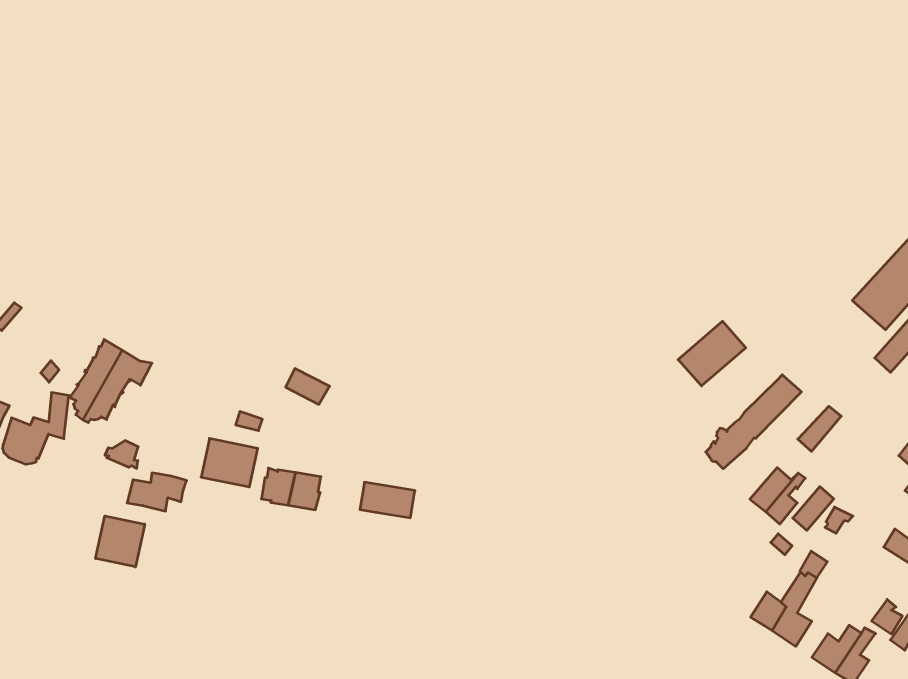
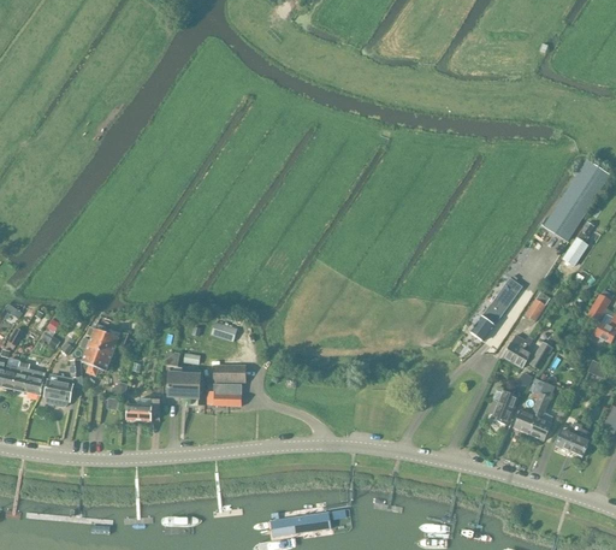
building: [678,321,746,386] -> none
building: [360,482,415,518] -> [214,366,245,383]
building: [96,516,145,567] -> none
building: none -> [487,391,517,425]

